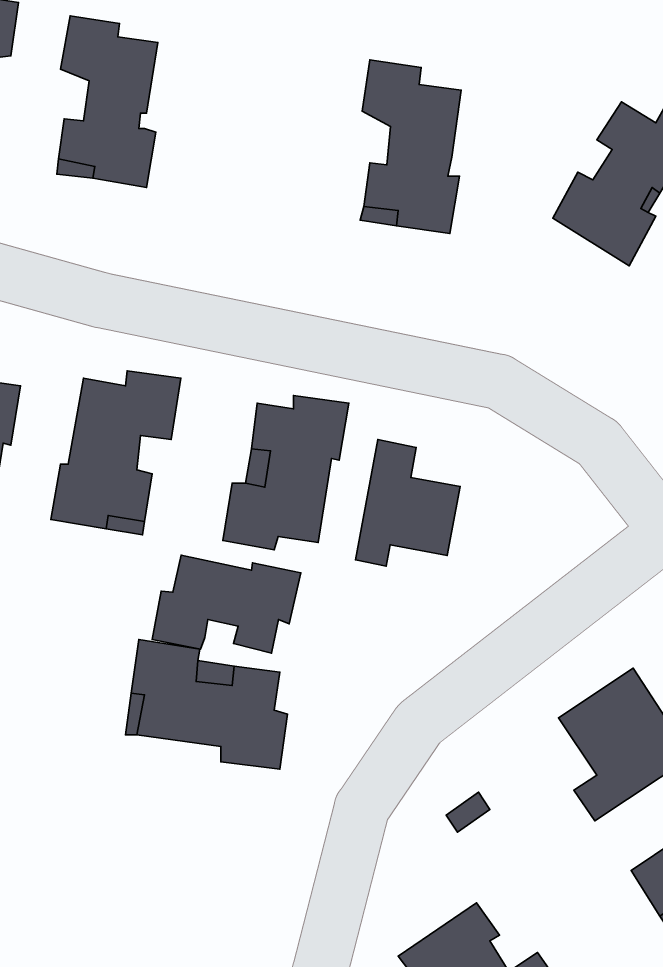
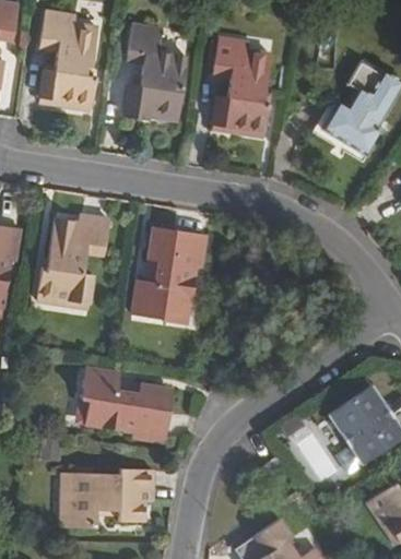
building: none -> [122,24,186,117]
building: [355,440,460,566] -> none
building: [152,555,301,653] -> none
building: none -> [62,468,149,527]

